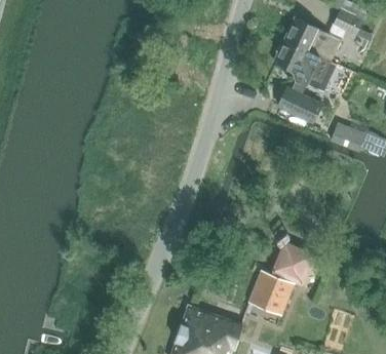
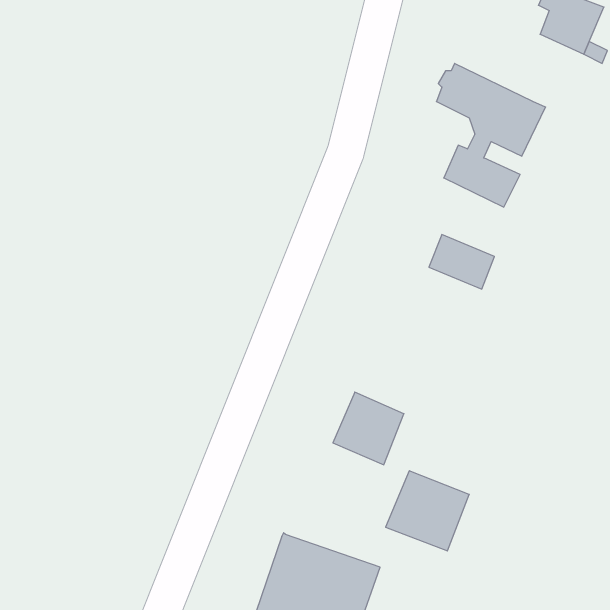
building: [285,19,340,63] -> none
building: [331,122,368,153] -> [429,235,494,289]
building: [272,242,312,283] -> [333,392,404,465]

